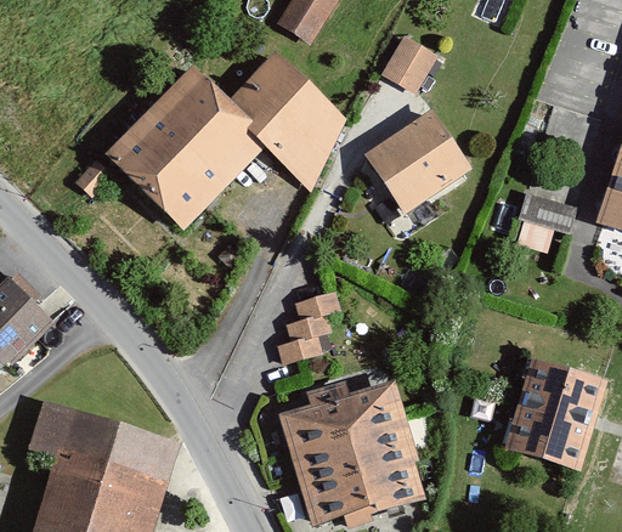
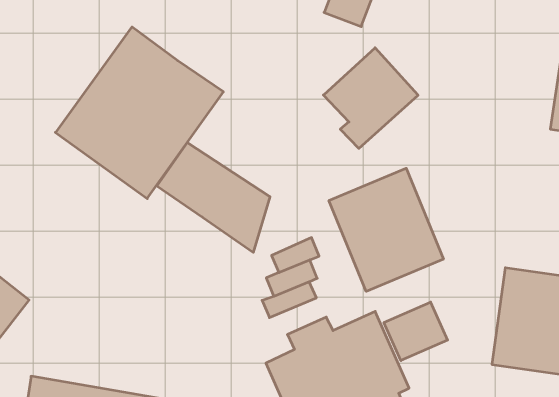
building: [231,62,343,181] -> [157,143,270,252]
building: [519,193,578,236] -> none
building: none -> [329,168,443,291]
building: none -> [384,302,448,361]

